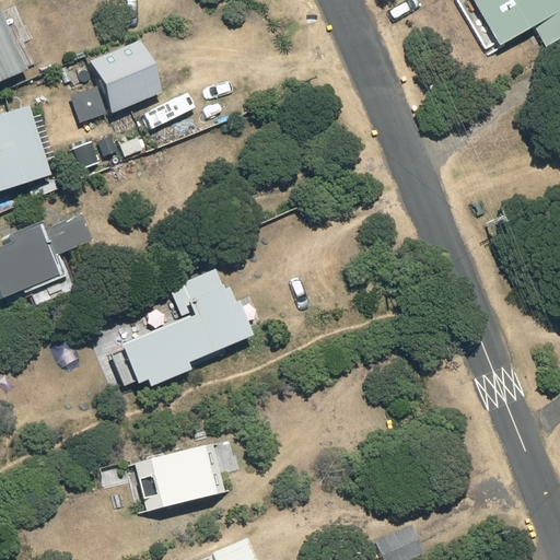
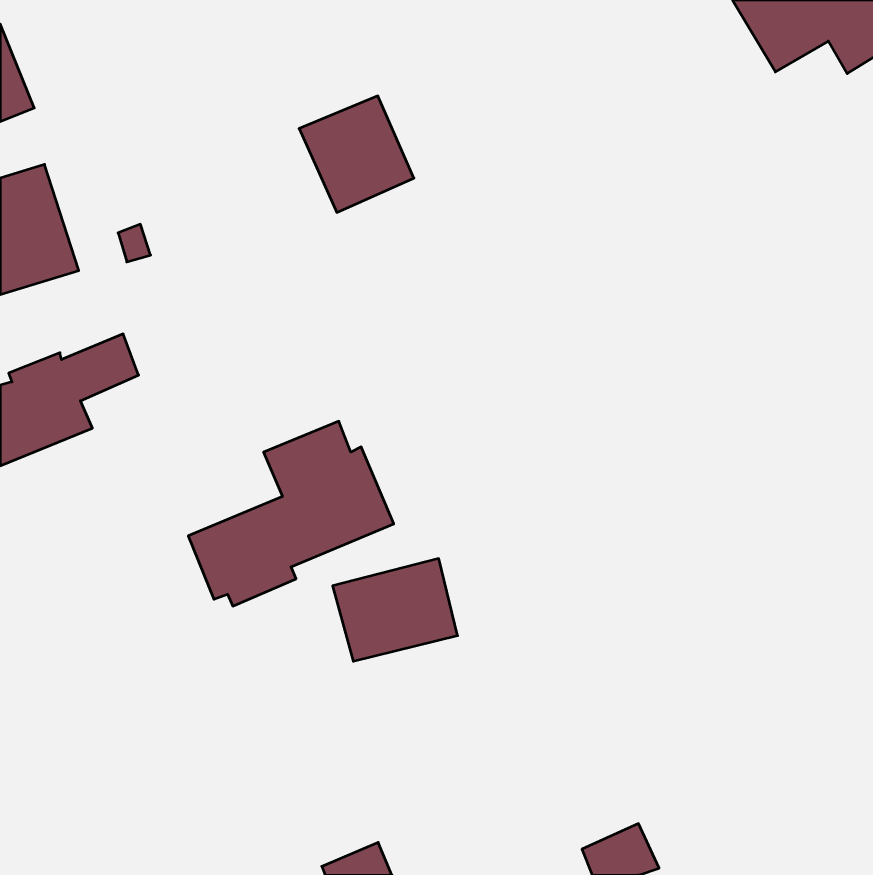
building: [91,40,164,115] -> [299,96,414,212]
building: [131,445,211,511] -> [333,559,458,661]

